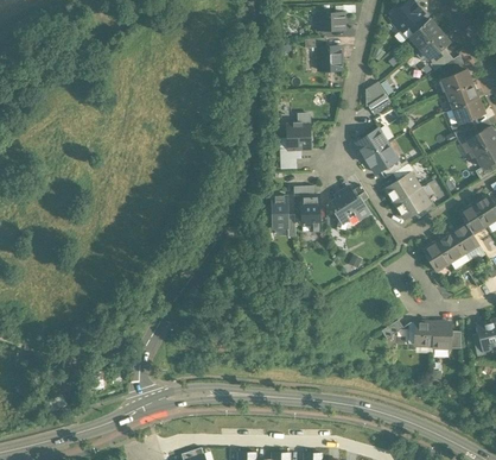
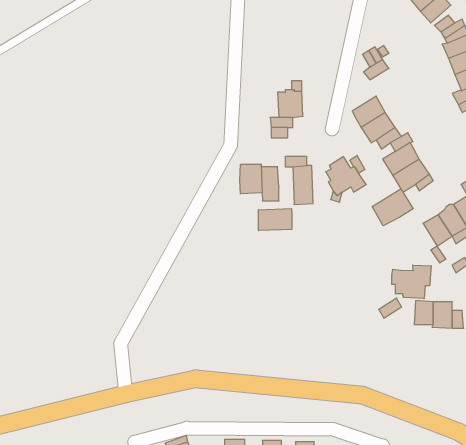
building: [318,46,341,71] -> none
building: none -> [240,164,262,194]
building: none -> [372,189,413,226]
building: none -> [258,209,292,231]
building: none -> [392,265,431,299]

